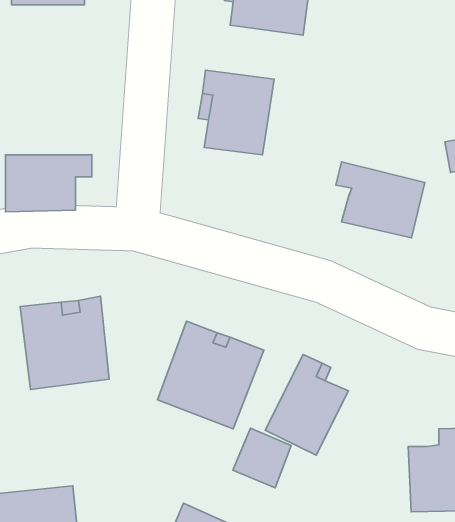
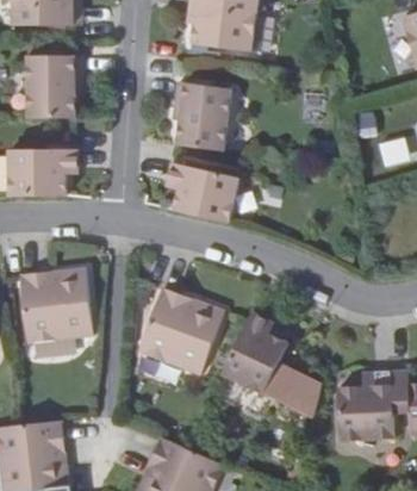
building: none -> [30,56,83,118]
building: [336,162,425,238] -> [163,160,236,222]
building: [233,428,291,488] -> [267,367,315,416]

